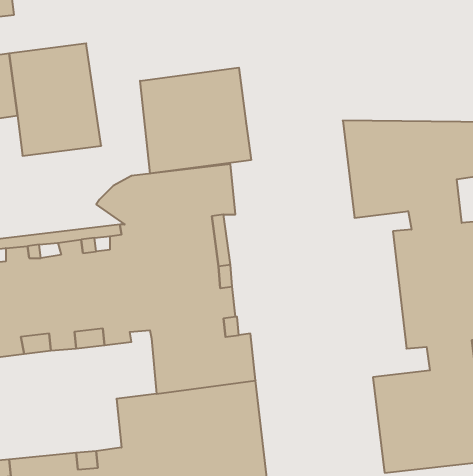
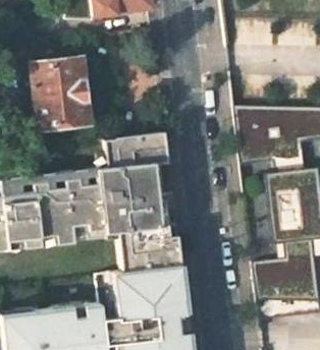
building: [140,68,251,174] -> none

